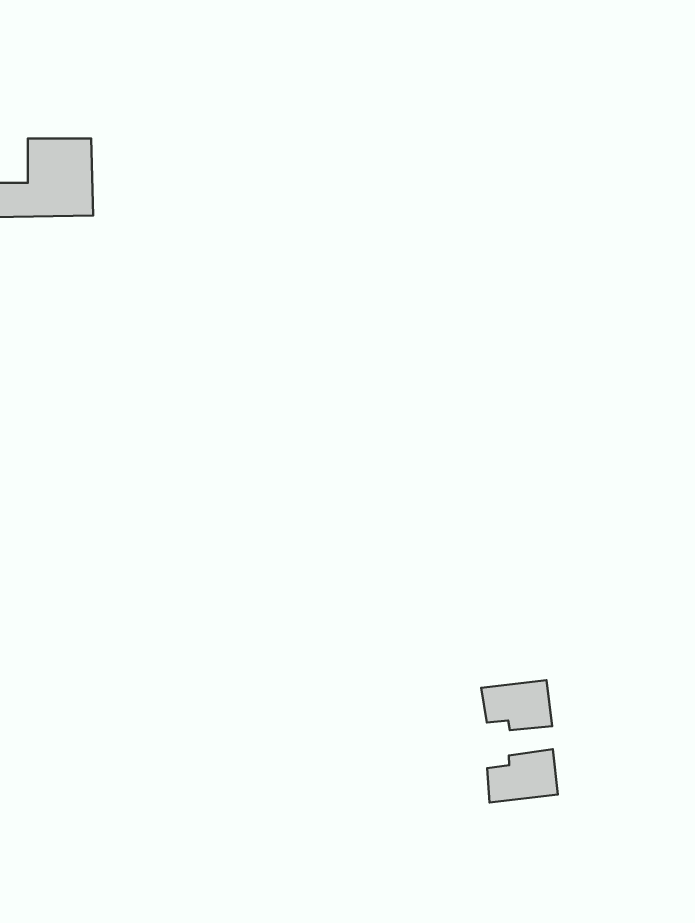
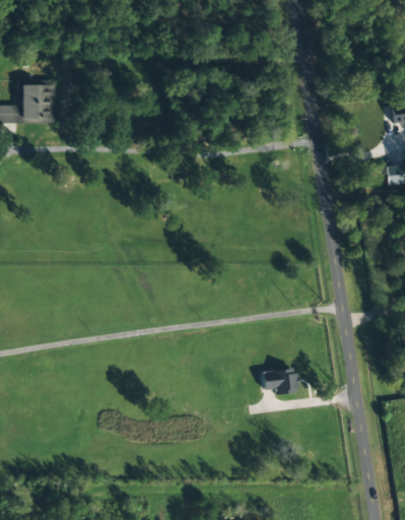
building: [487,749,558,803] -> none

